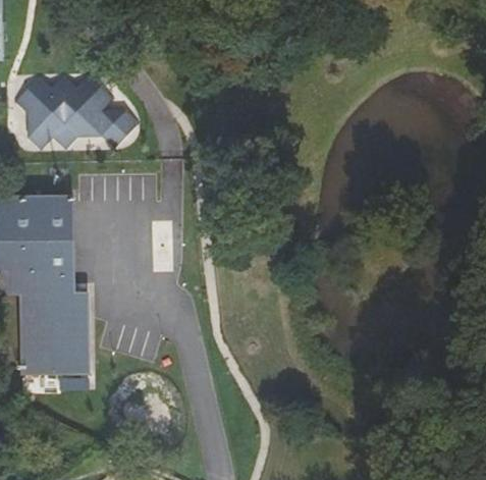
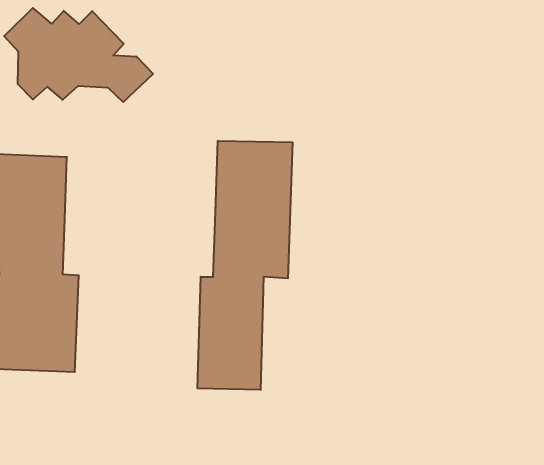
building: none -> [198,141,292,390]

